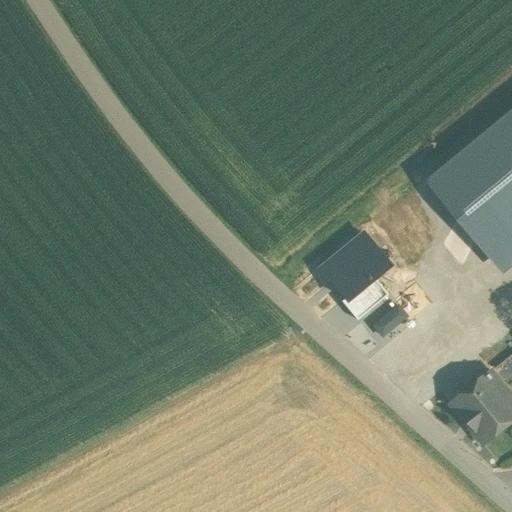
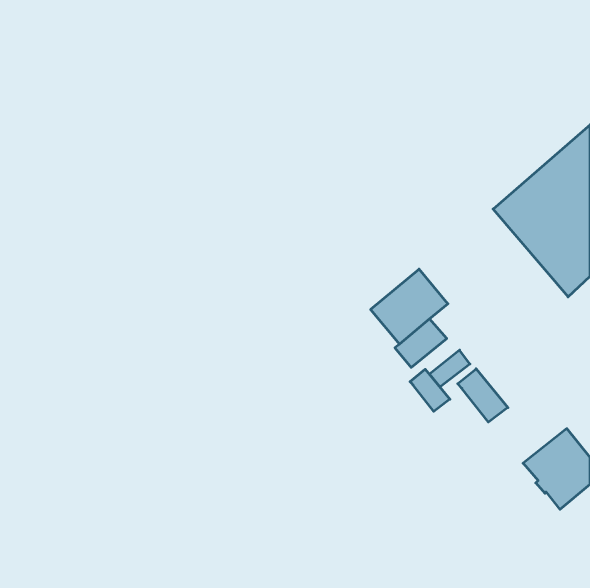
building: none -> [458,369,508,422]
building: none -> [410,369,450,411]

